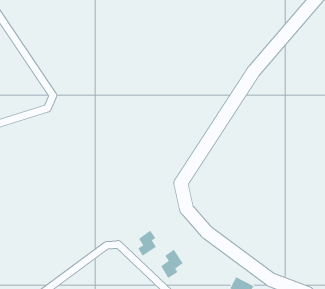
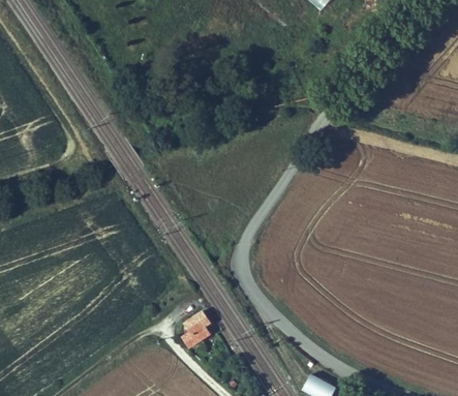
building: [160,249,184,279] -> none

